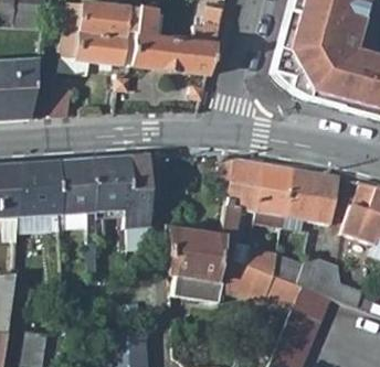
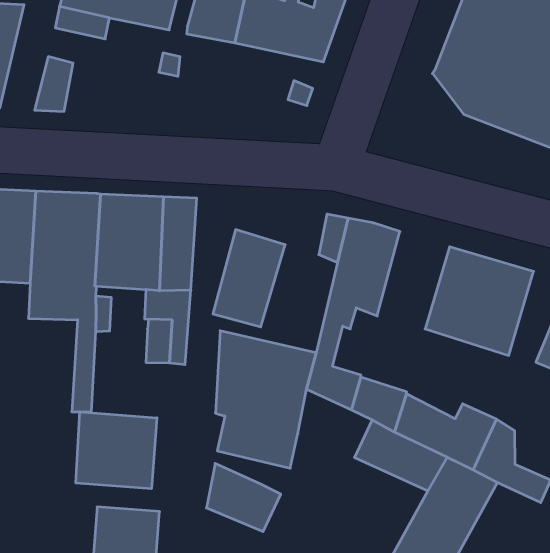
building: [256,162,293,215] -> [213,230,285,327]
building: [219,256,260,291] -> [206,463,281,532]
building: none -> [76,412,157,489]

